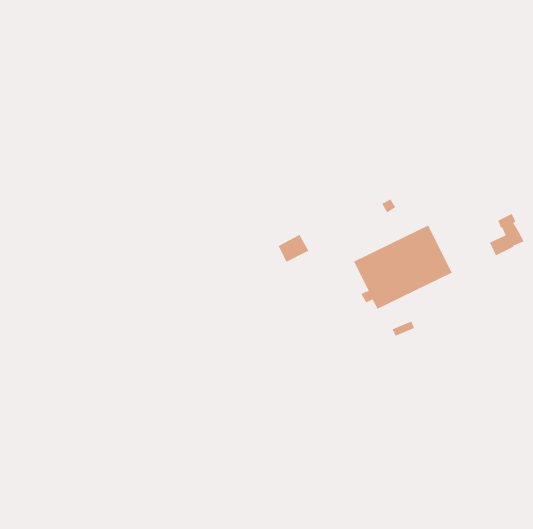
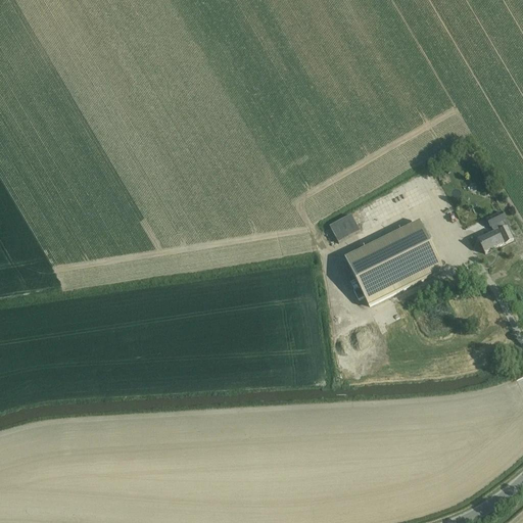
building: [278,234,309,262] -> [329,211,360,239]

